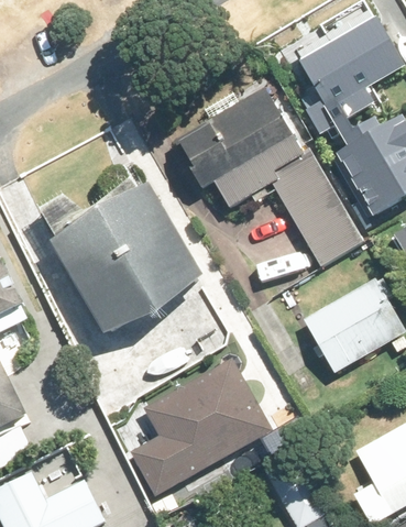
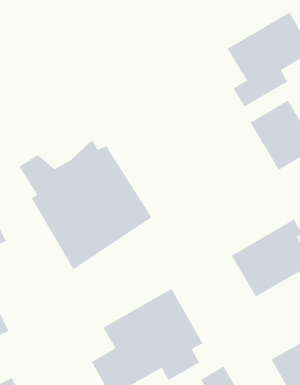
building: [173,85,365,267] -> none

